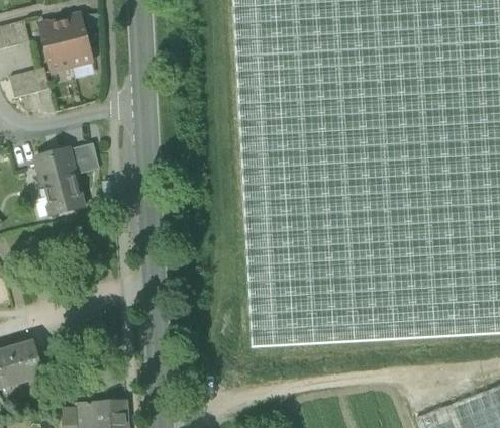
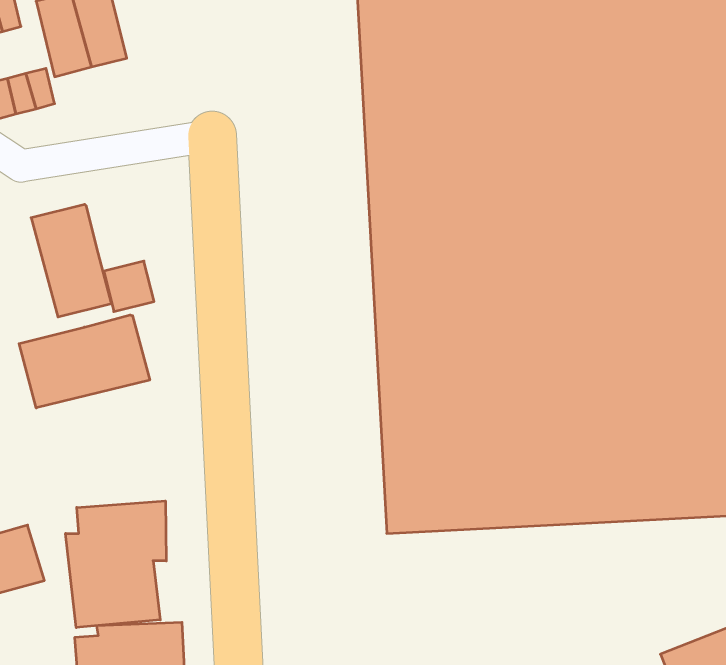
building: [70,143,100,174] -> [104,261,154,312]
building: none -> [19,315,150,408]
building: none -> [66,501,166,628]

